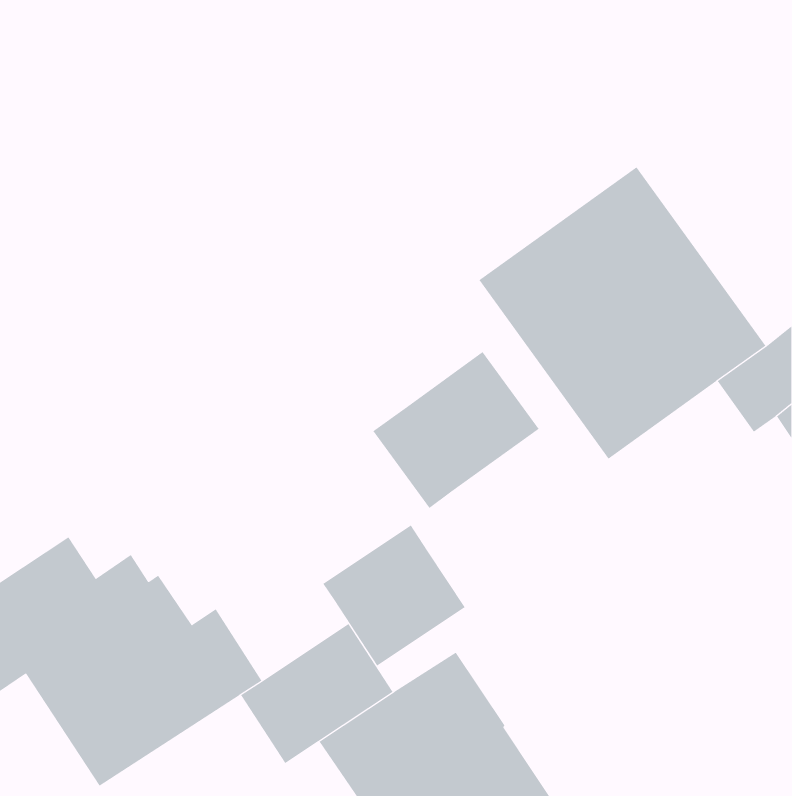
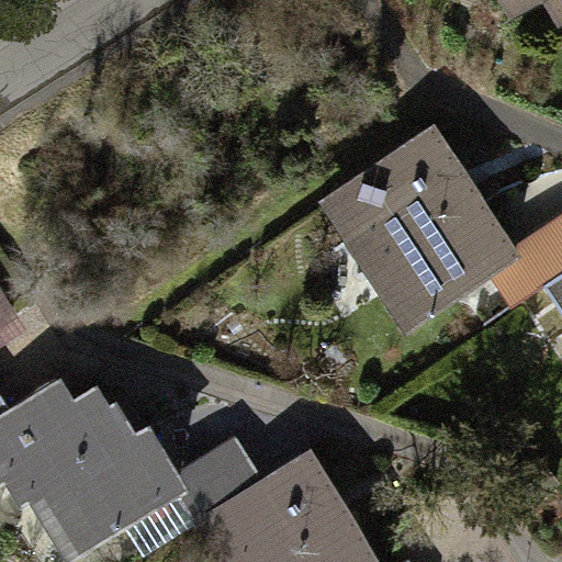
building: [372,351,540,509] -> none
building: [322,524,466,667] -> none

